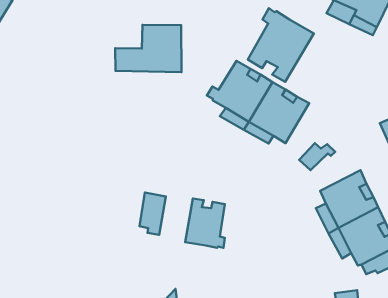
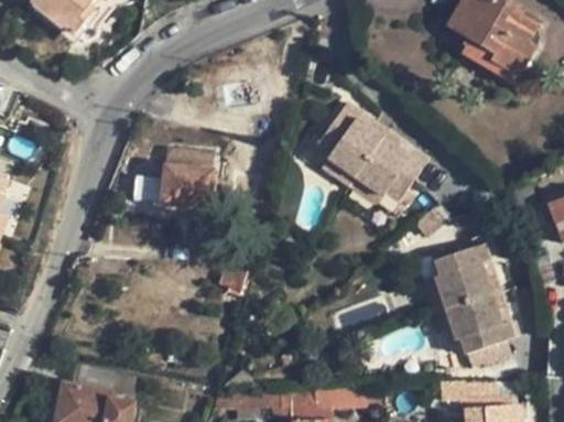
building: [248,8,314,82] -> none
building: [115,25,182,72] -> [131,151,213,210]
building: [185,198,225,248] -> none

